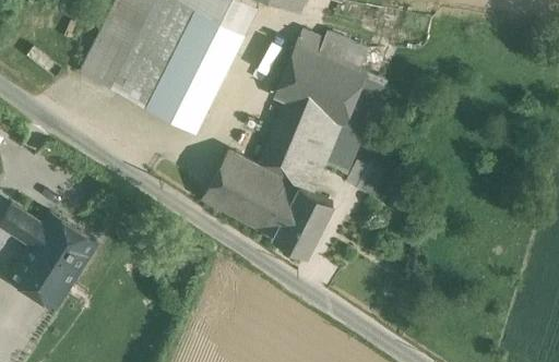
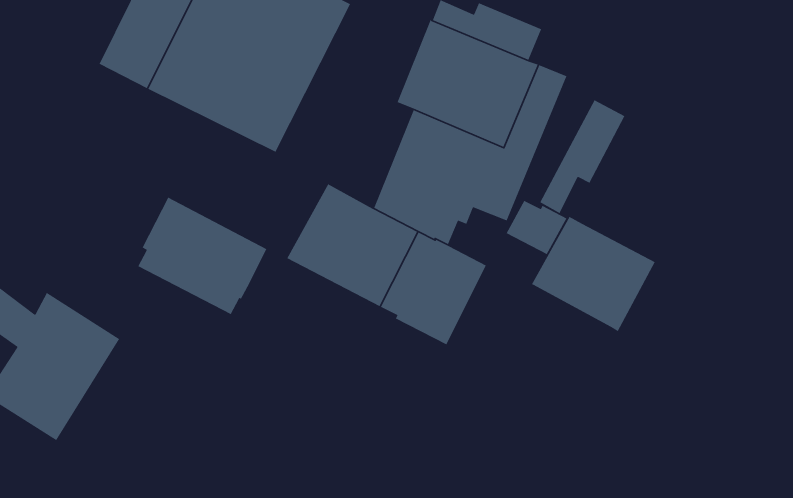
building: none -> [539,99,626,214]
building: none -> [137,196,267,315]
building: none -> [531,216,656,332]

